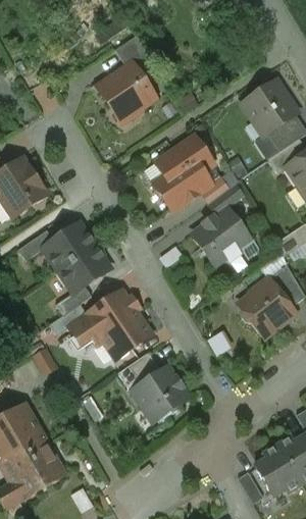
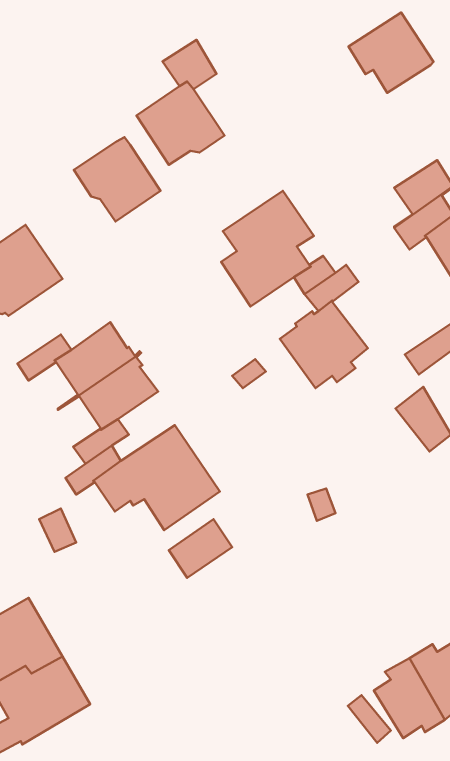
building: [242,80,298,133] -> [349,13,433,93]
building: none -> [74,137,161,222]
building: [240,277,295,336] -> none
building: [131,367,189,423] -> none

